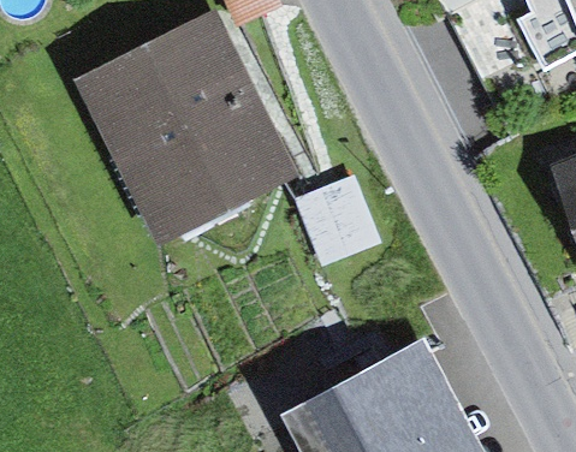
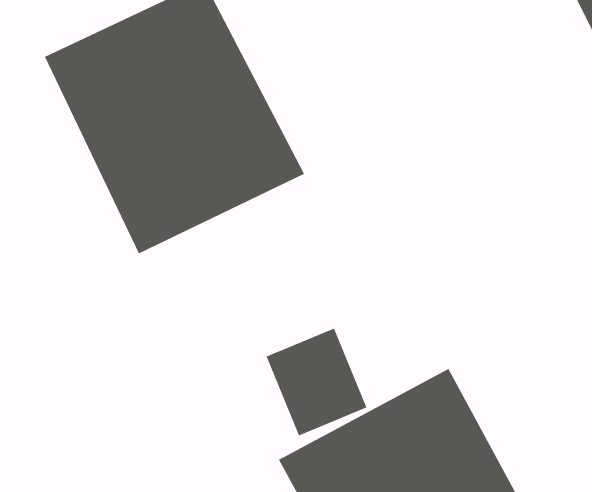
building: [297,176,382,267] -> [265,328,367,437]

